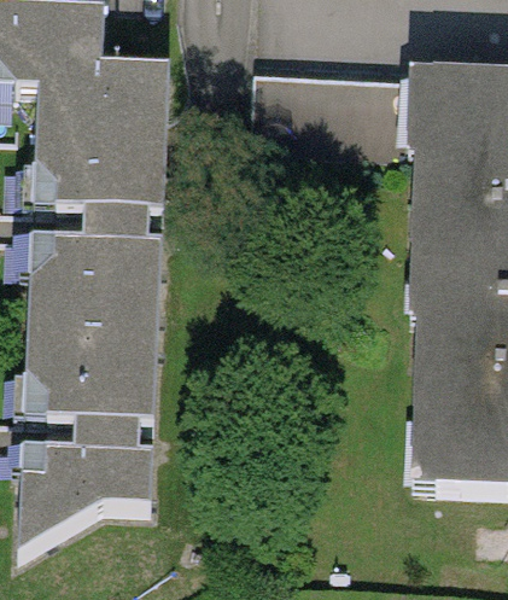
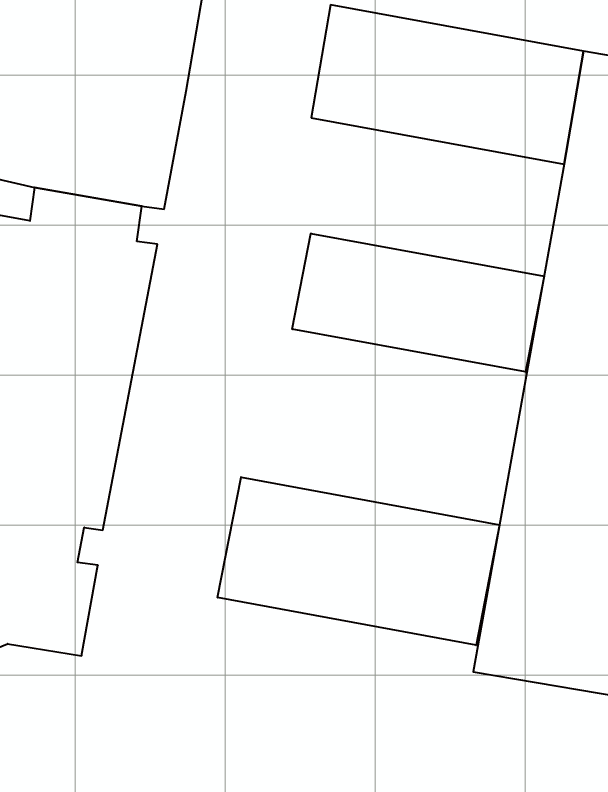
building: none -> [292,233,544,372]
building: none -> [218,477,500,645]

